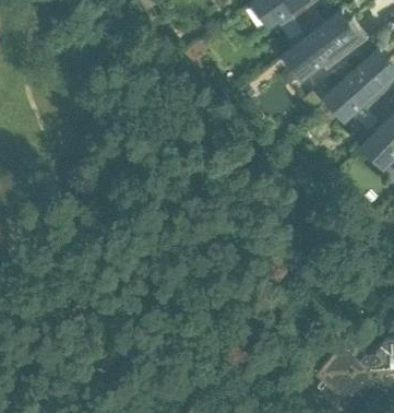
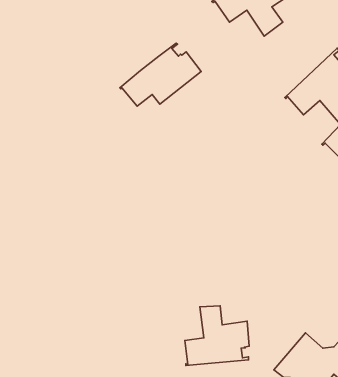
building: [284,13,366,76] -> [120,43,201,106]
building: none -> [185,306,249,365]

